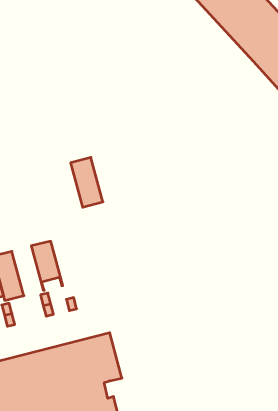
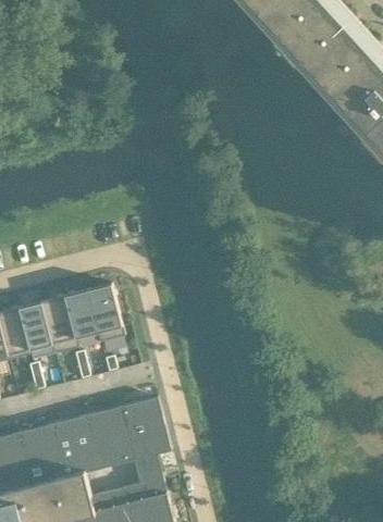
building: [71,157,103,207] -> [84,285,122,344]
building: none -> [38,297,75,356]

